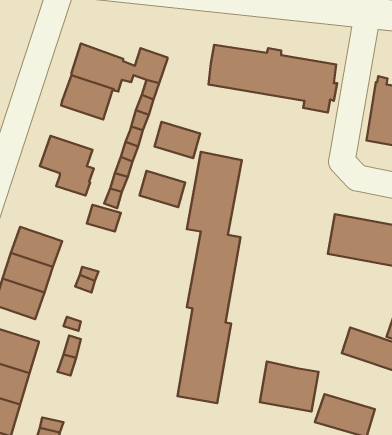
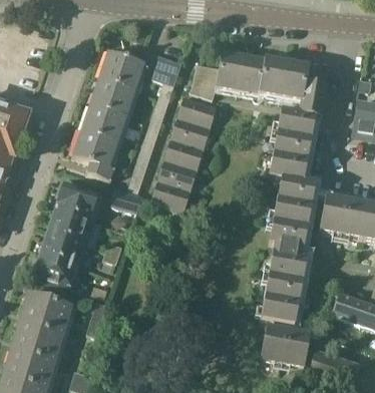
building: none -> [190,62,219,97]
building: none -> [176,95,217,126]
building: none -> [81,102,130,142]
building: none -> [163,137,204,168]
building: [177,152,242,403] -> [261,107,316,323]
building: none -> [150,179,191,211]
building: none -> [55,180,103,219]

